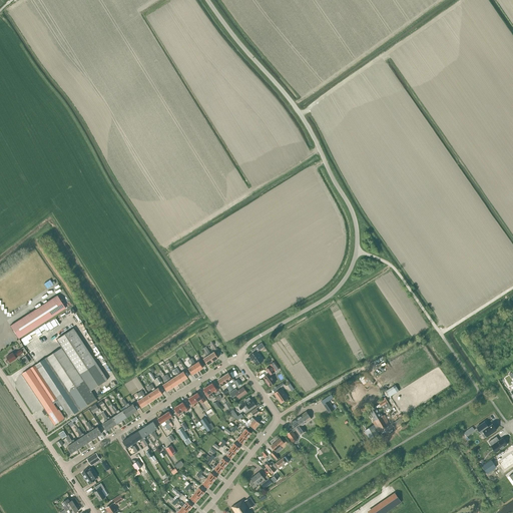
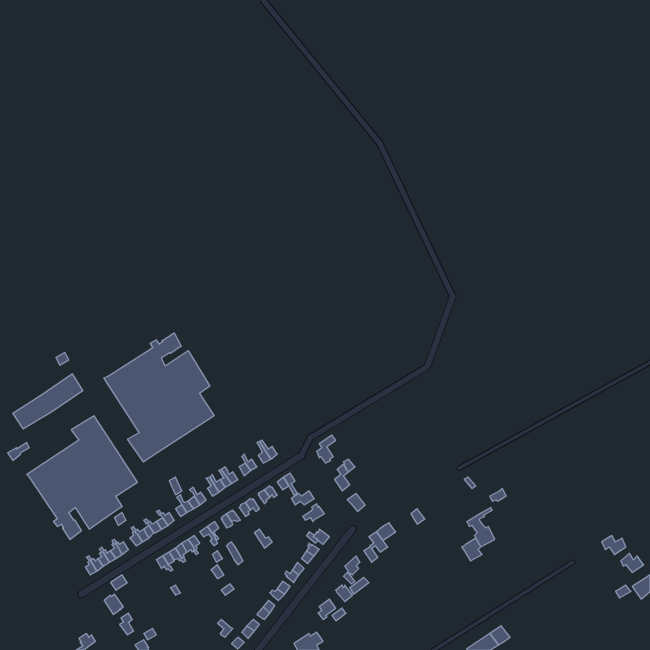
building: none -> [104,333,214,462]

